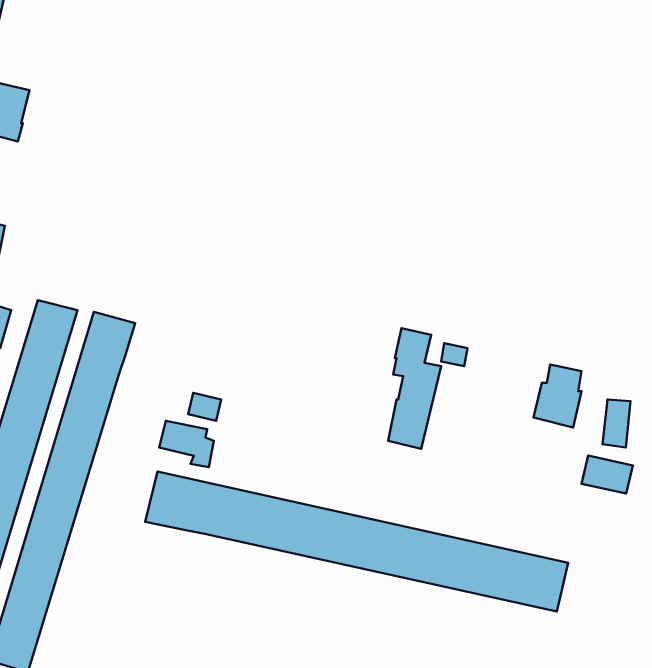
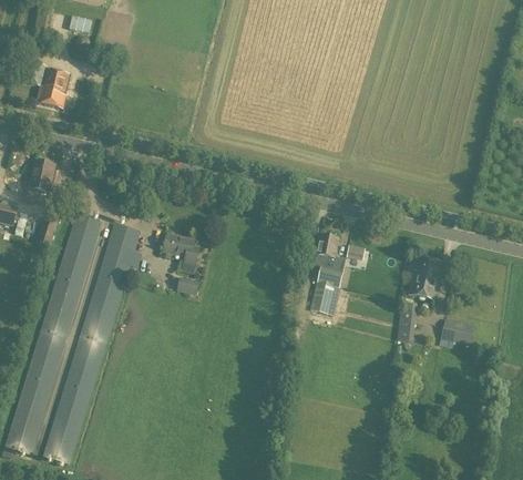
building: [603,399,631,447] -> [398,309,417,341]
building: [159,421,214,467] -> [163,233,199,264]
building: [145,472,568,611] -> none

